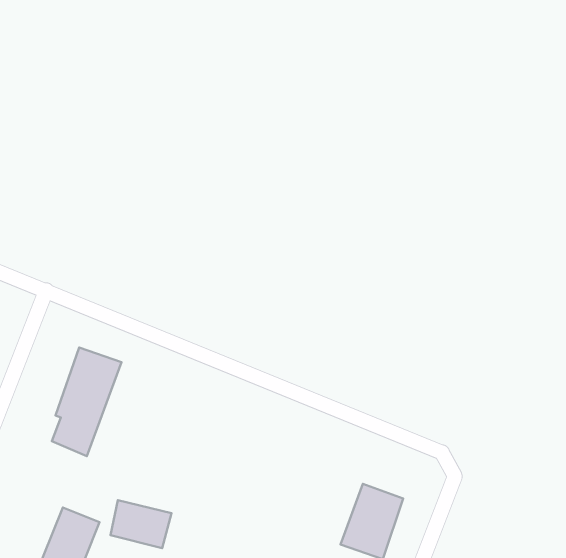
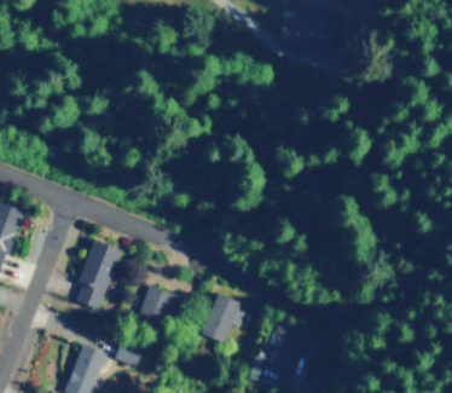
building: none -> [138,285,176,324]
building: none -> [201,294,239,343]

